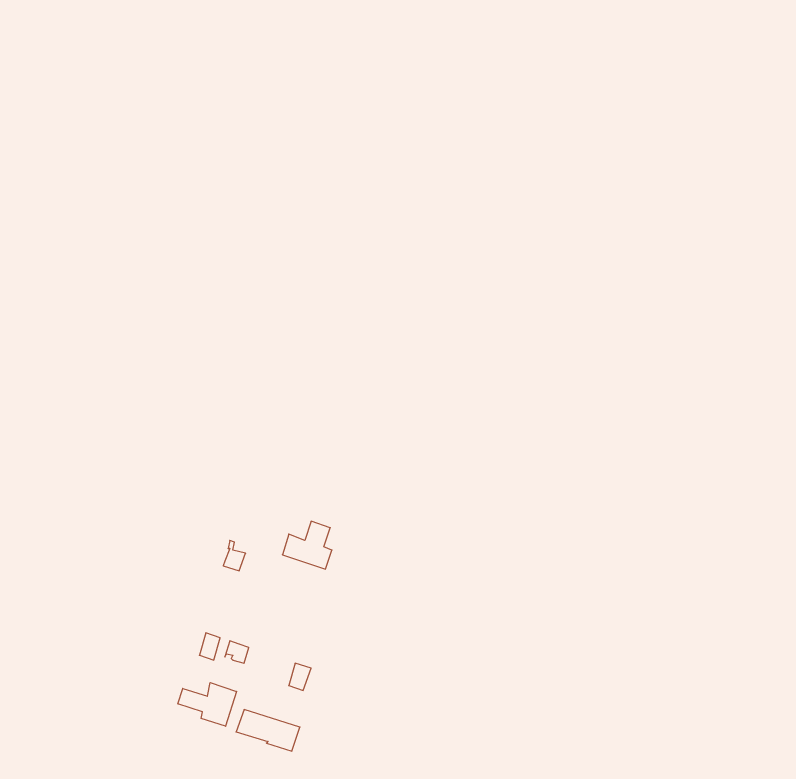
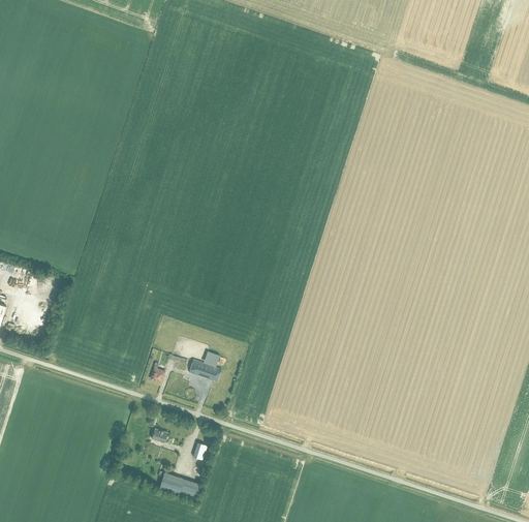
building: [178,683,237,726] -> none

